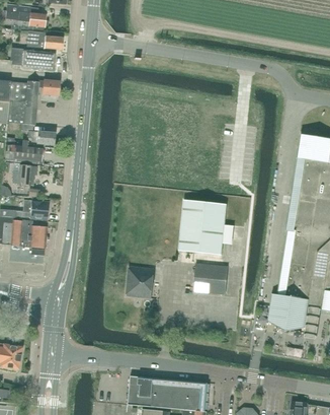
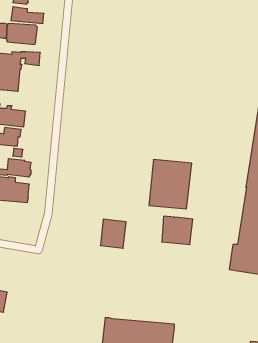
building: [21,123,55,145] -> none

